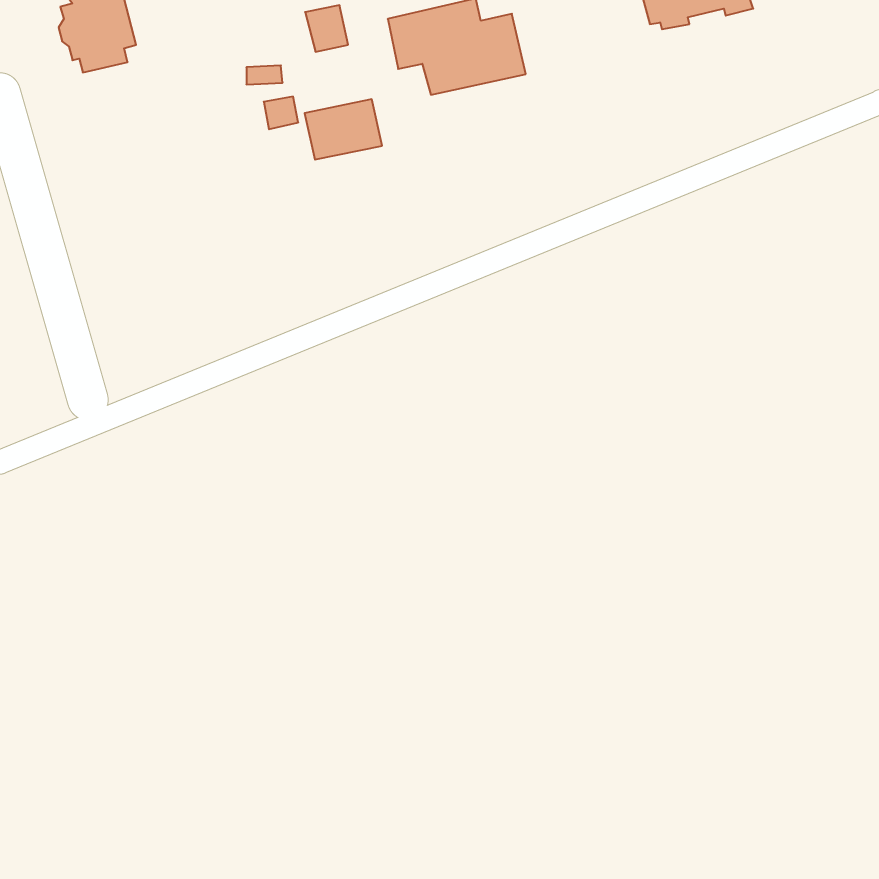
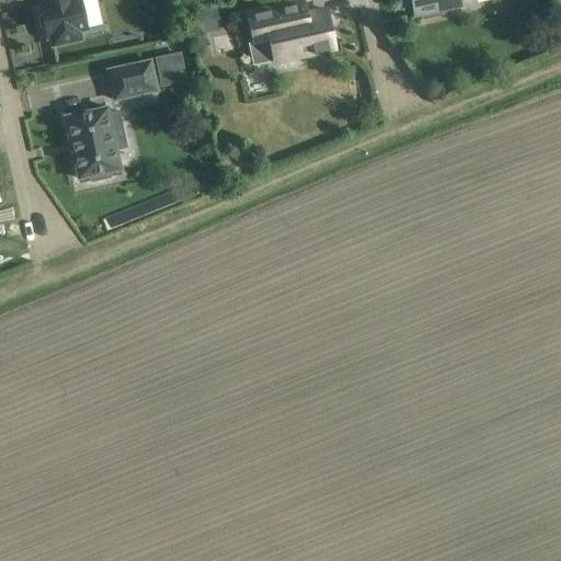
building: [305,99,382,160] -> [108,60,158,99]
building: none -> [66,106,123,181]

